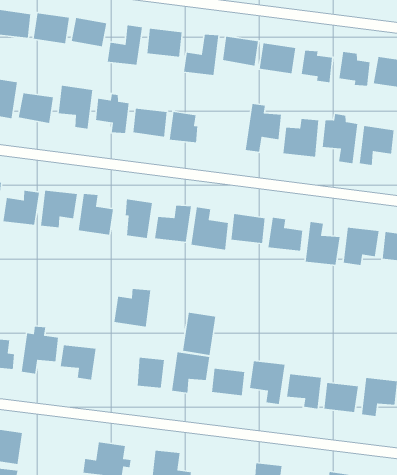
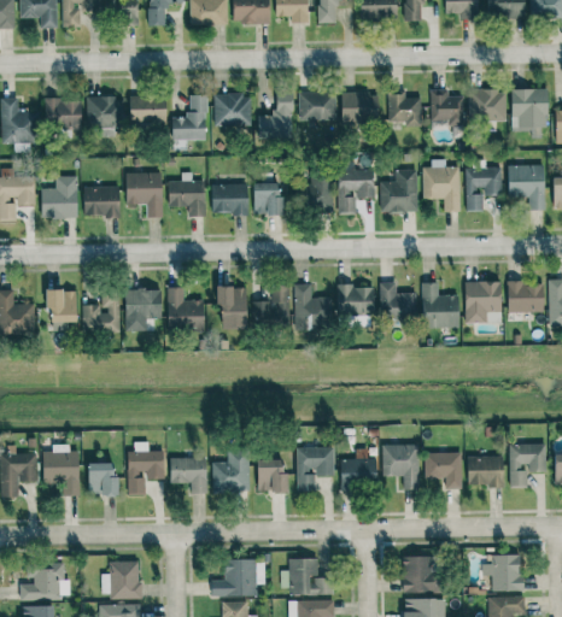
building: none -> [302,175,332,208]
building: [113,288,151,328] -> [212,449,250,492]
building: [182,312,216,356] -> none

